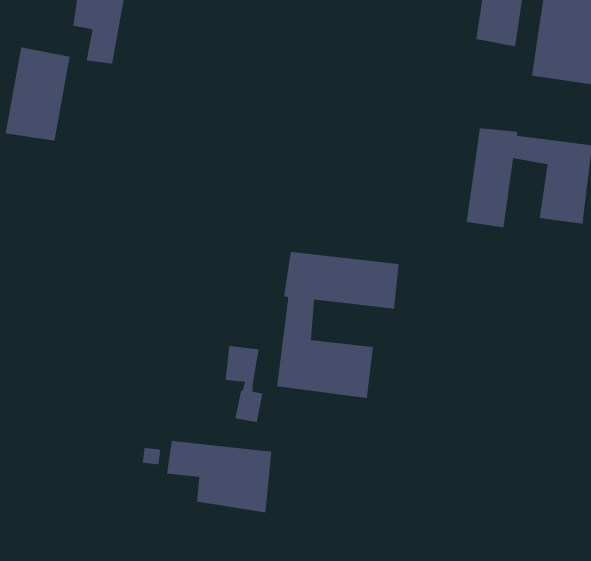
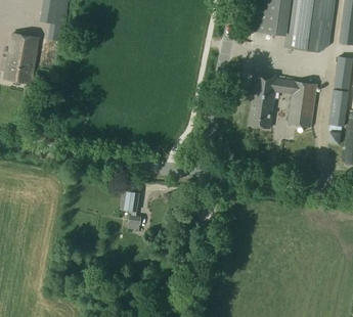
building: [277,251,399,399] -> none
building: [167,440,272,513] -> none

